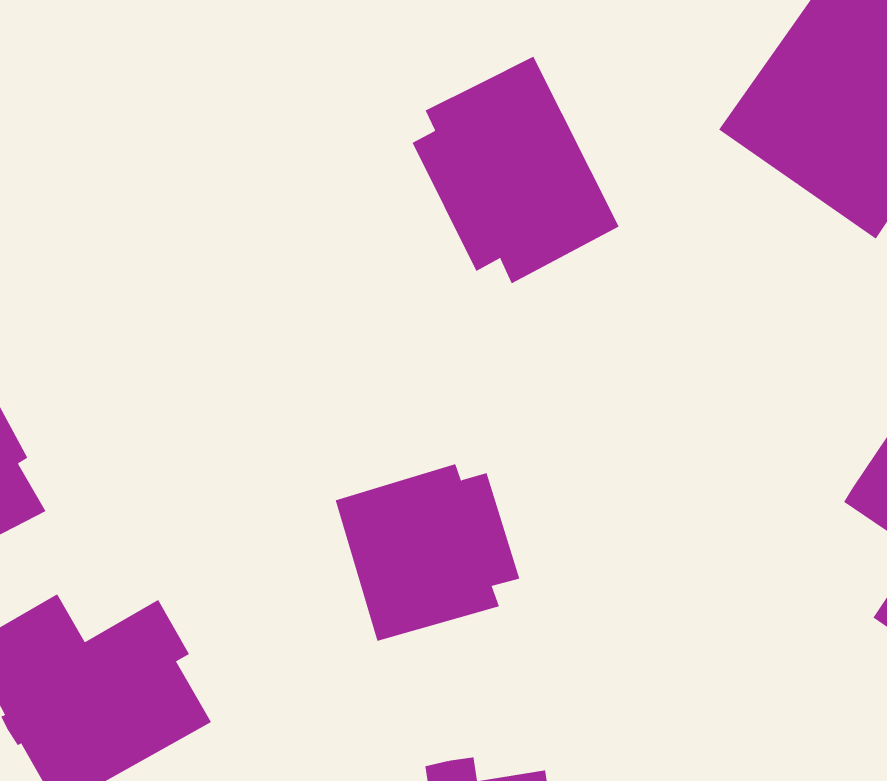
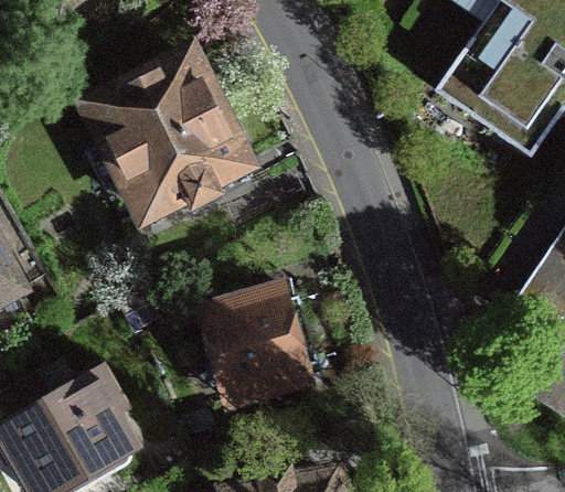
building: [412,56,620,284] -> none
building: none -> [89,61,245,215]

